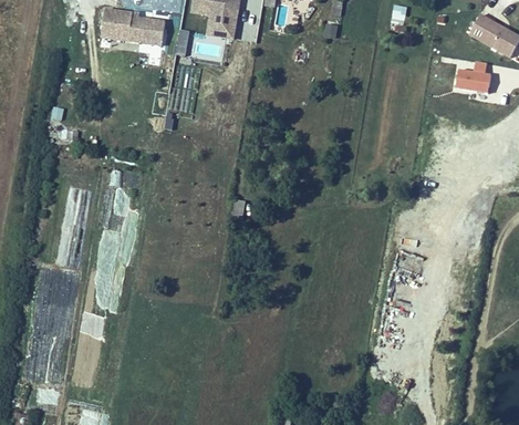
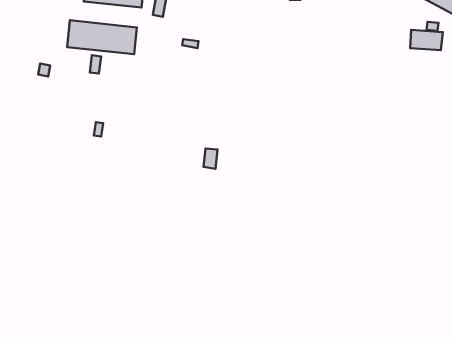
building: none -> [67,20,137,54]

